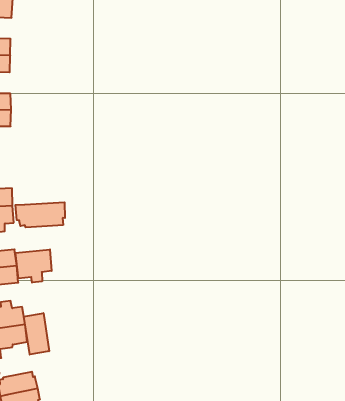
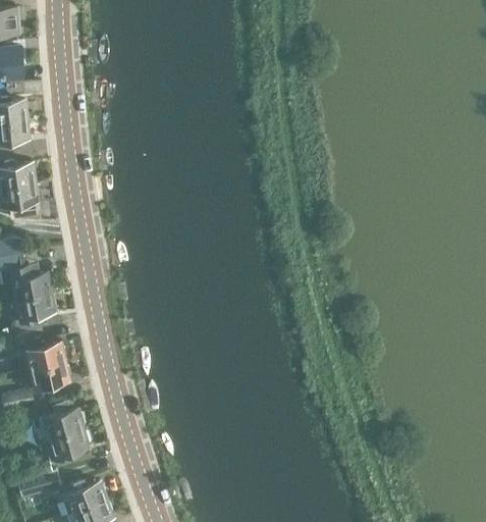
building: [15,202,65,227] -> none
building: [15,249,52,283] -> none
building: [24,313,49,355] -> none

